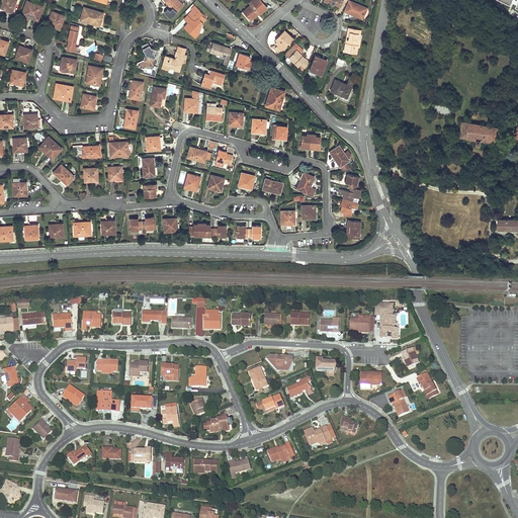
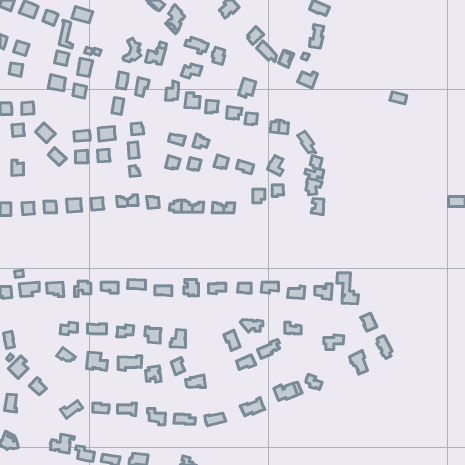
building: [460,121,499,145] -> none

